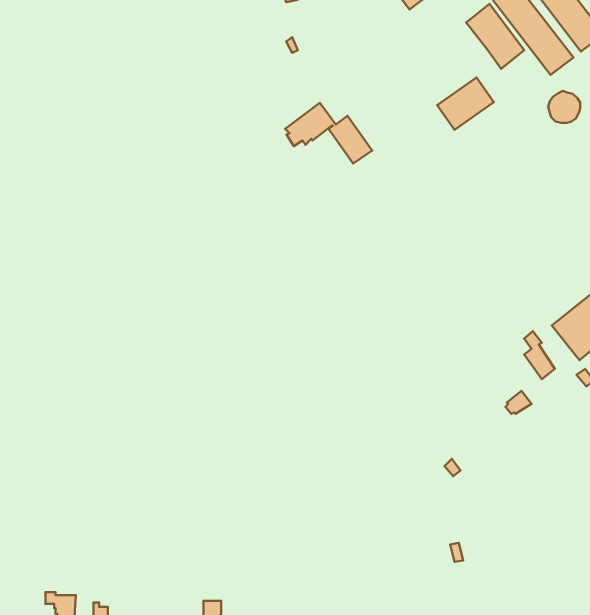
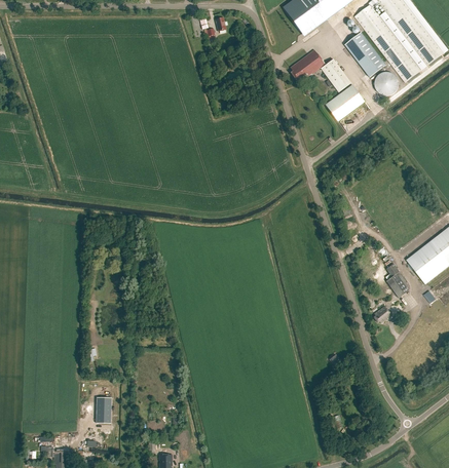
building: [548,91,580,123] -> [375,71,398,93]
building: [285,103,372,164] -> [290,48,351,91]
building: none -> [97,395,111,422]

